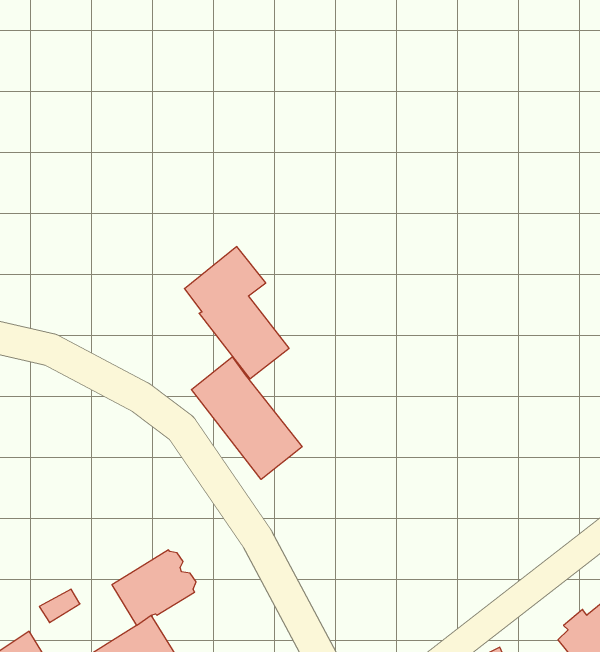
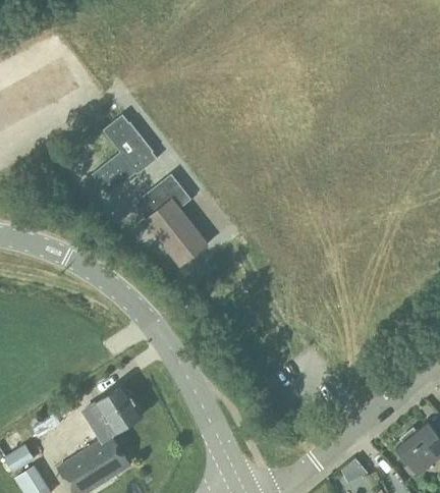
building: none -> [91,115,157,196]
building: [191,357,302,479] -> none

